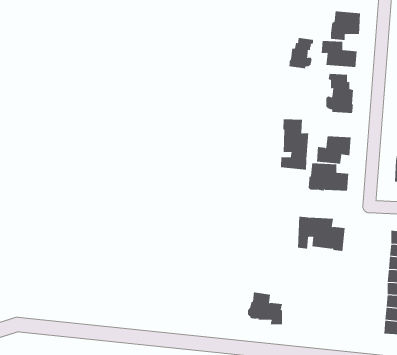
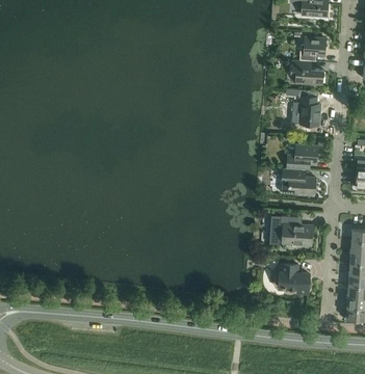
building: [289,37,314,69] -> none
building: [280,119,309,170] -> none
building: [247,292,283,325] -> [278,263,309,292]

